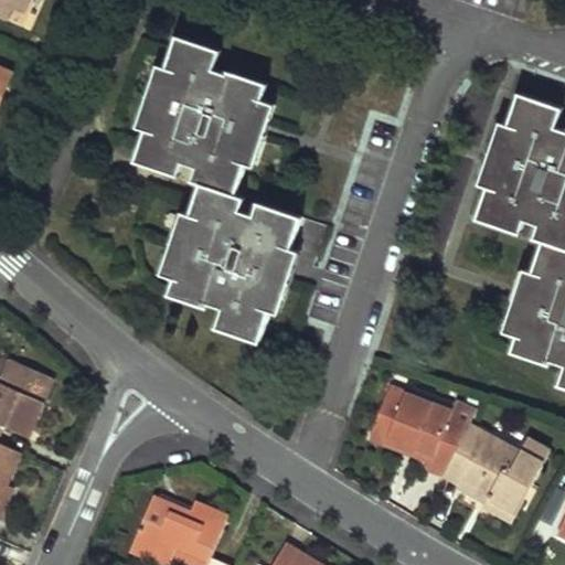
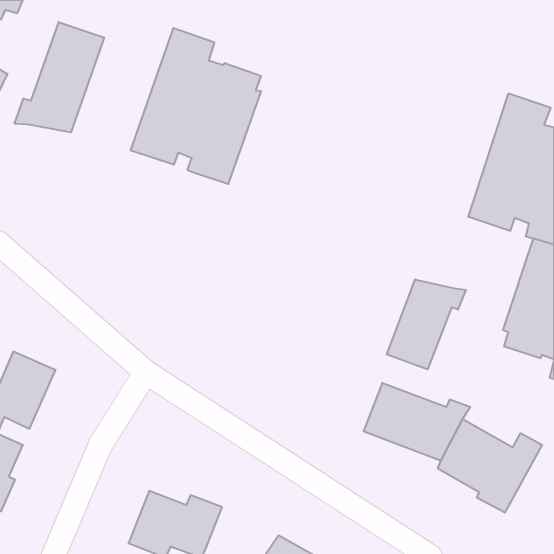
building: none -> [15,22,104,132]
building: [166,178,299,337] -> none
building: none -> [387,279,466,369]

